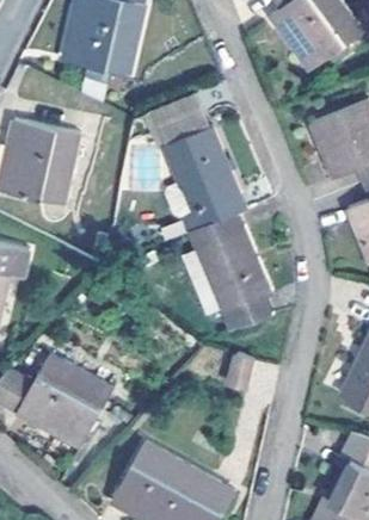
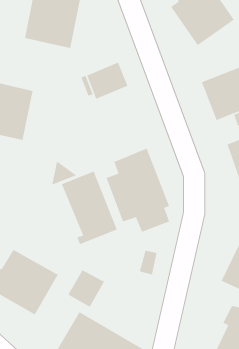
building: [165,126,245,231] -> [61,170,118,245]
building: none -> [67,269,105,308]

